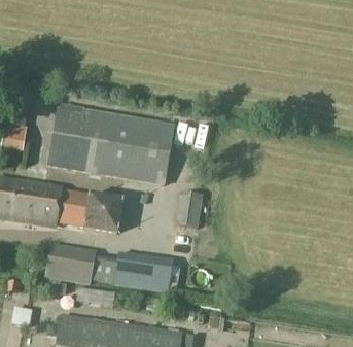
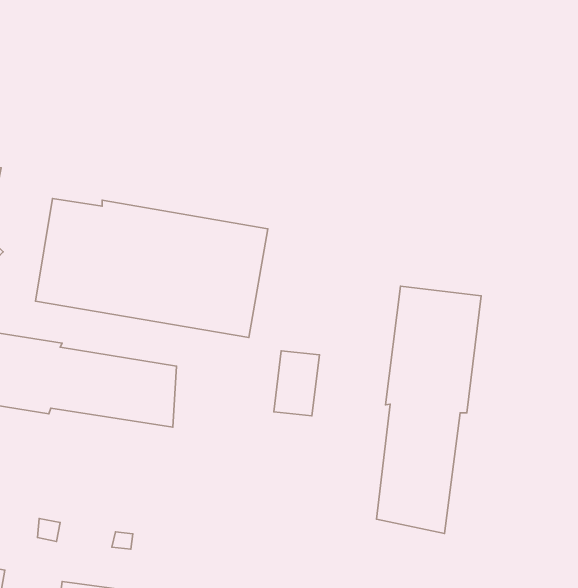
building: none -> [377,286,481,534]
building: [44,244,172,289] -> none

